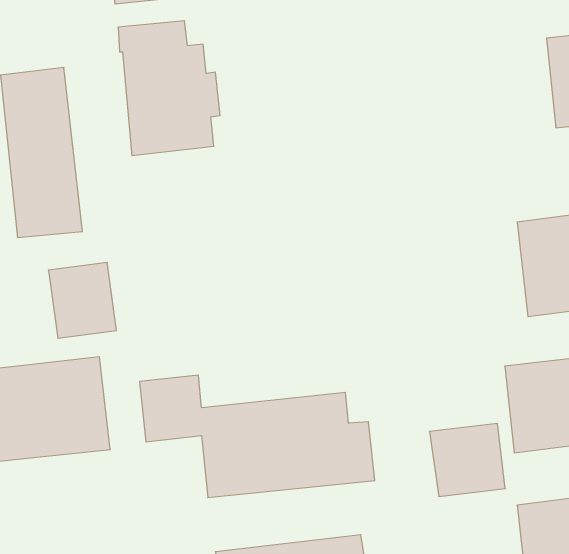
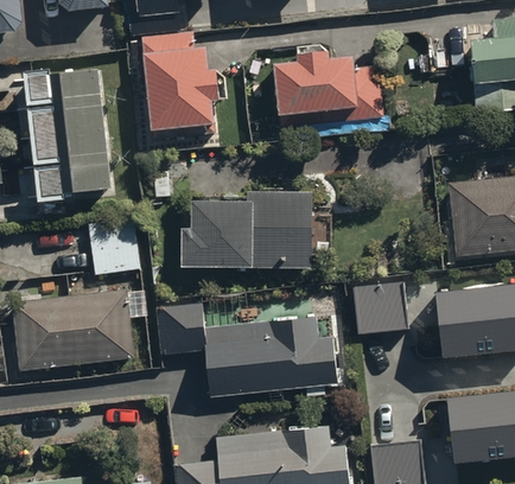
building: none -> [273,52,382,126]
building: none -> [182,192,311,269]
building: [429,424,505,496] -> [350,279,408,335]

